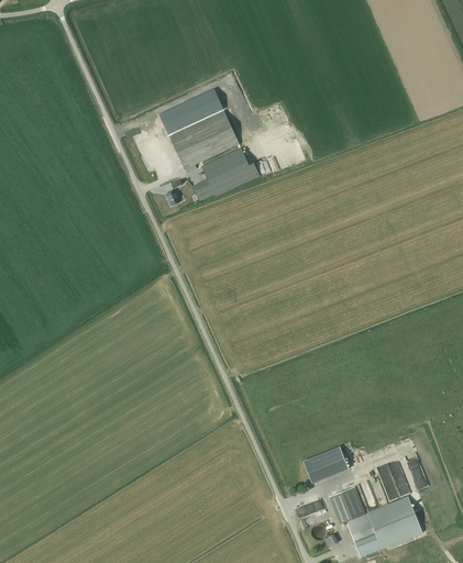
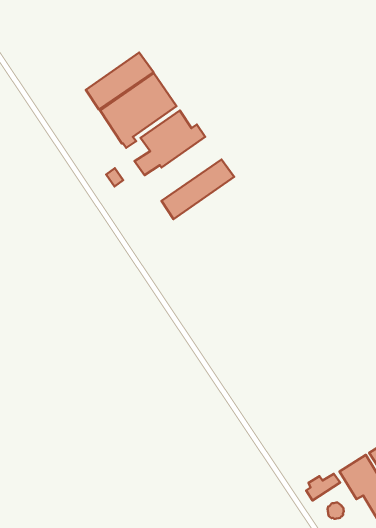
building: none -> [162,160,234,219]
building: [304,446,348,482] -> none

